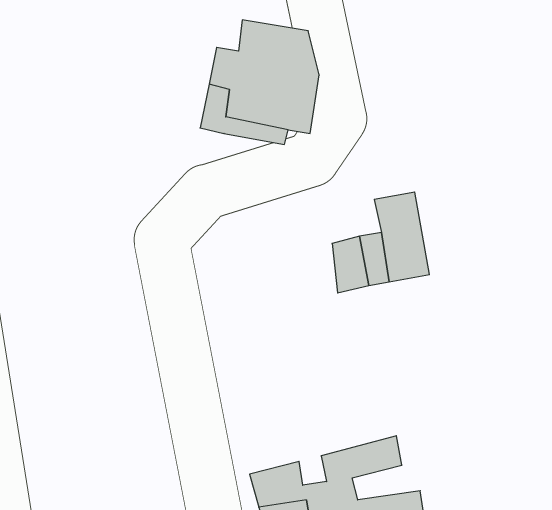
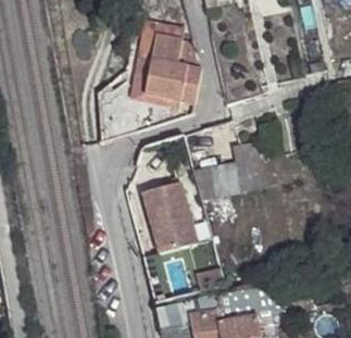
building: none -> [142,179,198,251]

